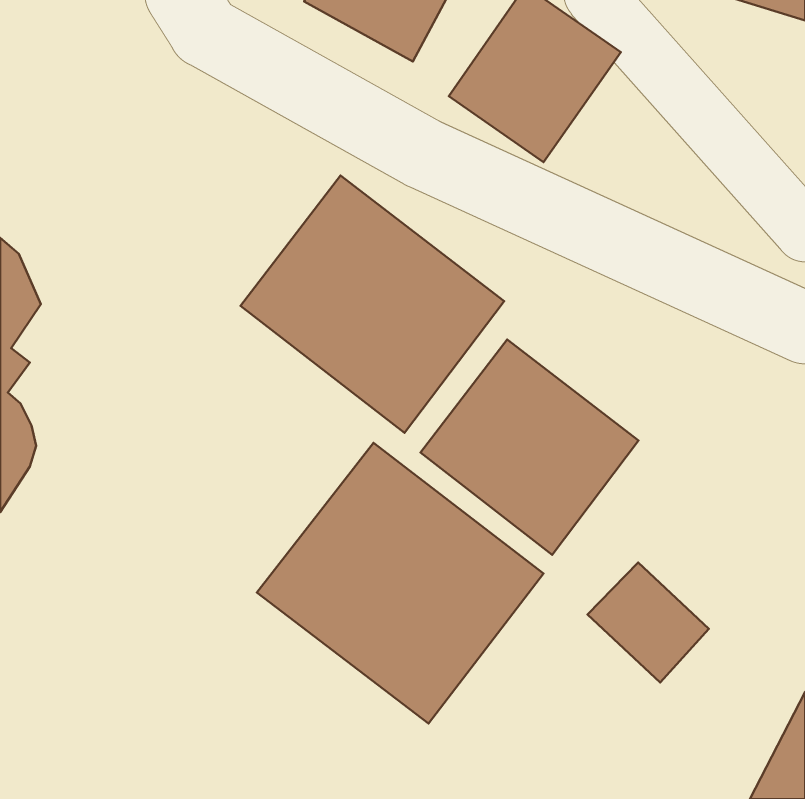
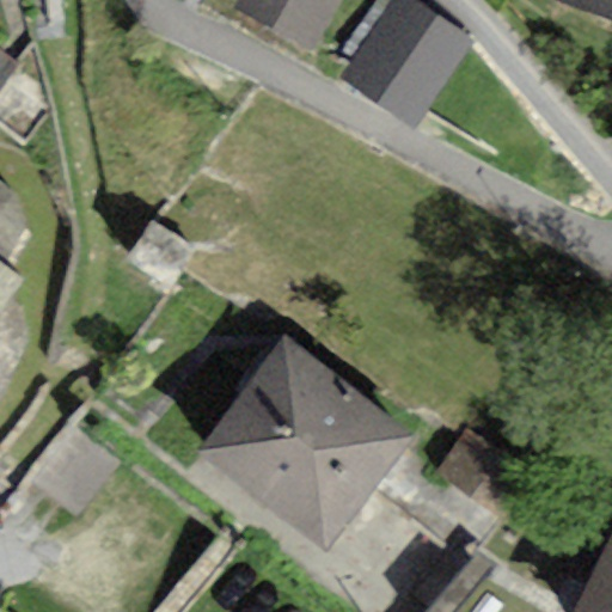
building: [240,175,504,433] -> none
building: [420,339,639,555] -> none

